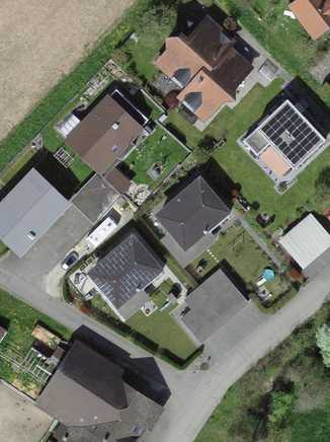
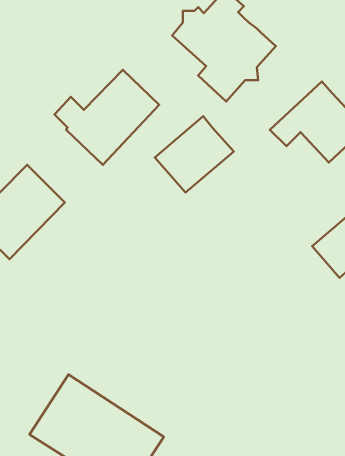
building: [81,177,121,219] -> none
building: [160,179,228,245] -> [155,116,234,193]
building: [92,238,163,307] -> none
building: [184,270,248,339] -> none

